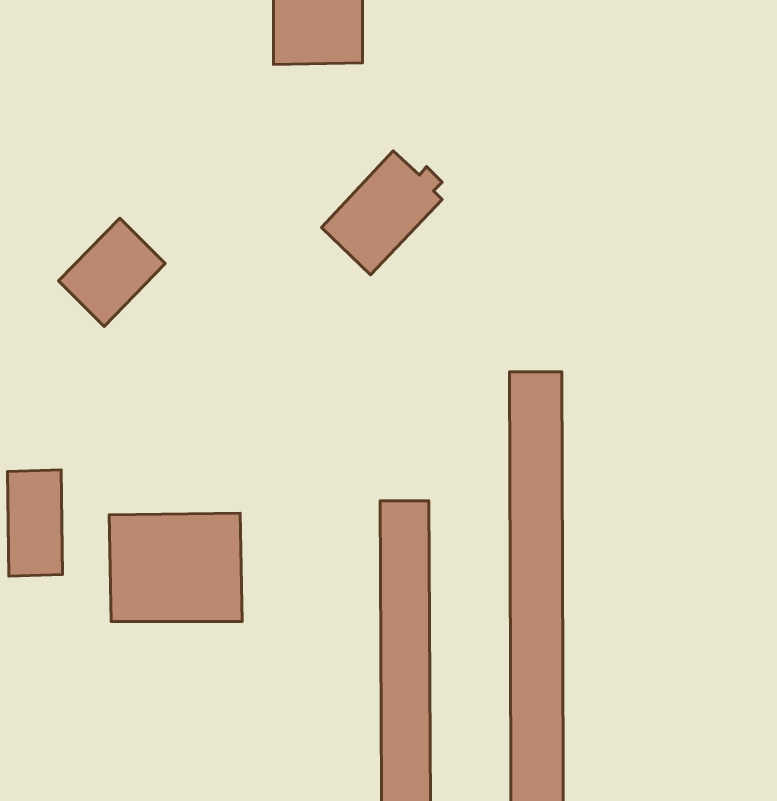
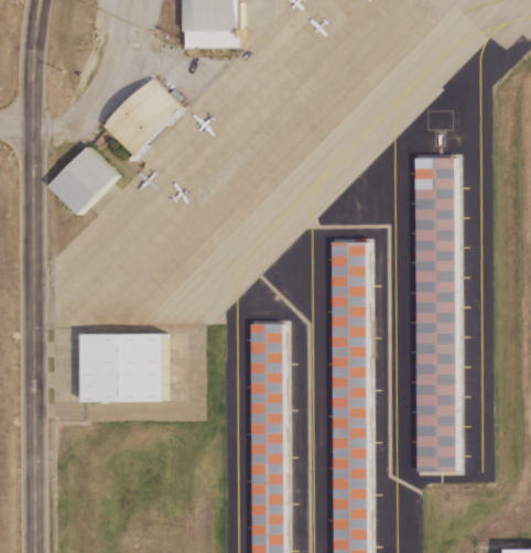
building: [322,151,442,275] -> [104,78,180,156]
building: none -> [414,159,456,473]
building: [7,470,63,576] -> none

